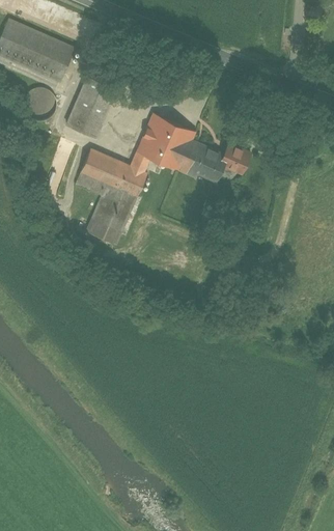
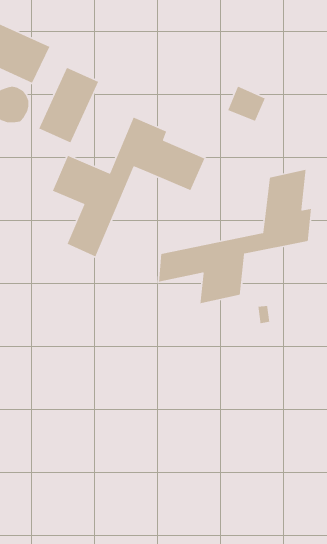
building: [218,141,253,174] -> [227,86,266,122]
building: none -> [158,169,312,304]

